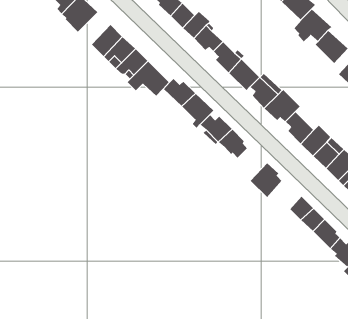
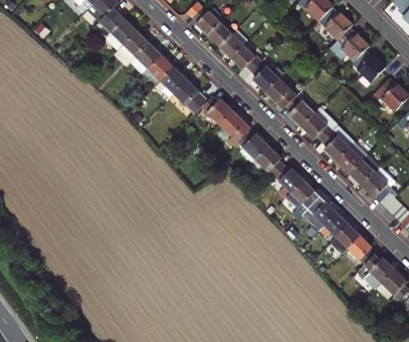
building: none -> [117,31,149,63]
building: none -> [274,165,303,198]
building: none -> [303,198,338,231]

